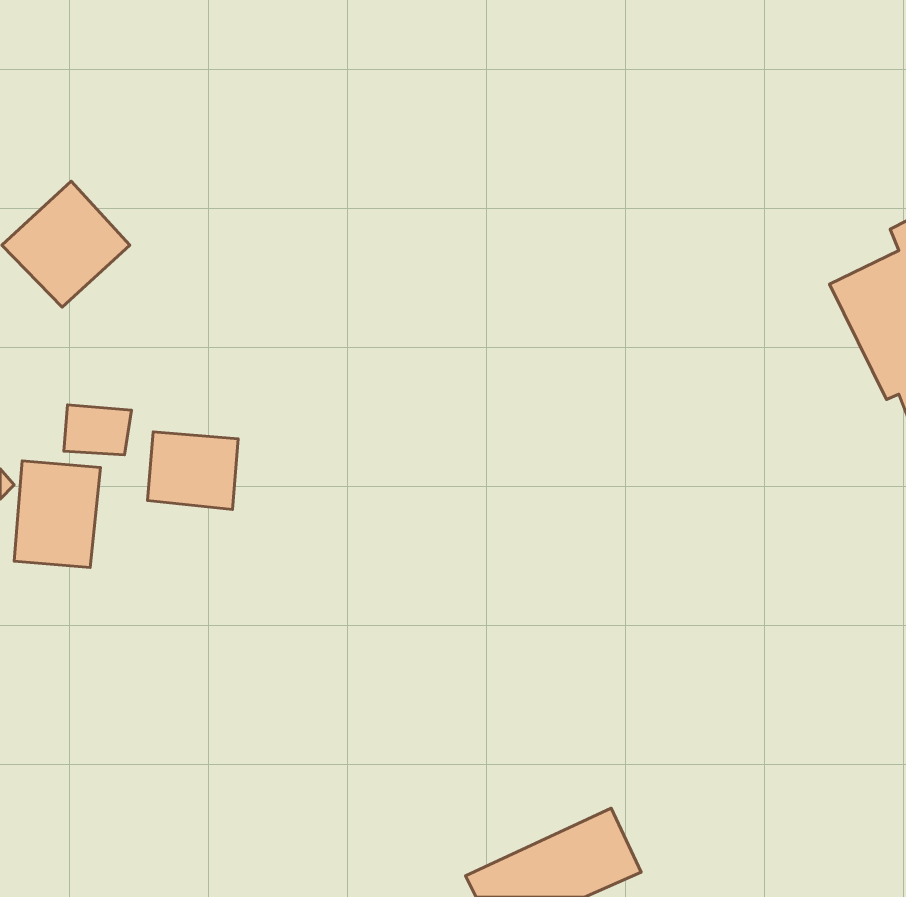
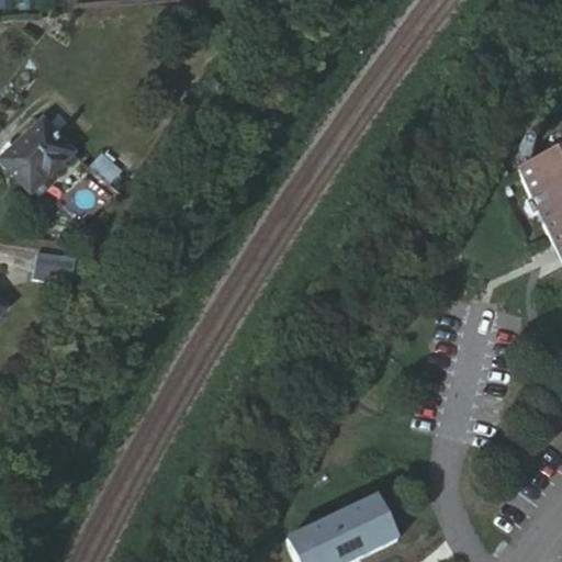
building: [147,432,238,509] -> none
building: [14,461,100,567] -> none

